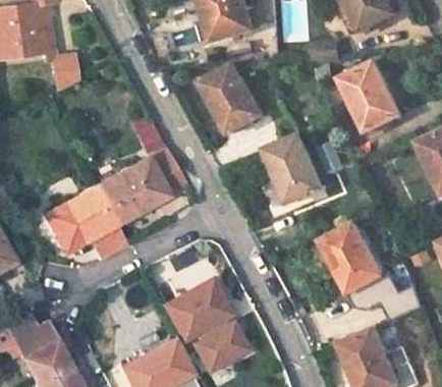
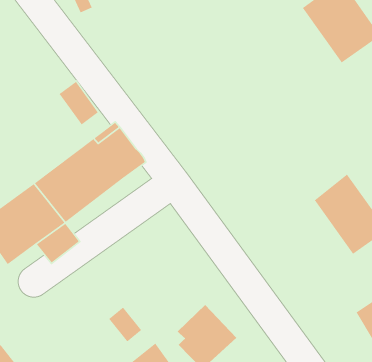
building: [206,67,264,136] -> none
building: [267,137,331,209] -> none
building: [162,269,230,335] -> none

